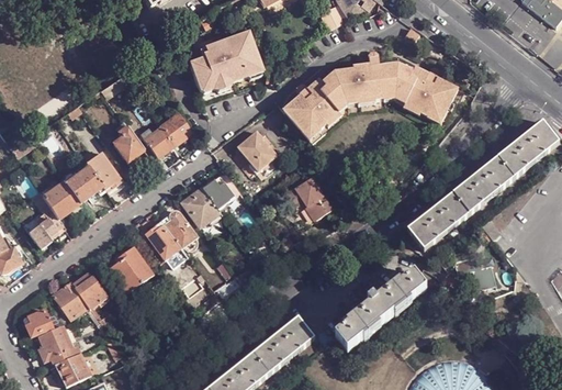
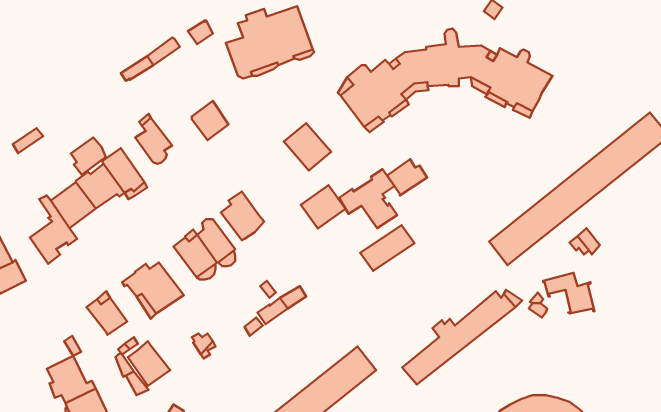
building: [140,126,173,159] -> none
building: none -> [71,138,106,175]
building: none -> [387,159,427,196]
building: [202,170,239,207] -> [301,185,346,229]
building: none -> [360,225,415,271]
building: [54,280,89,317] -> [128,341,170,386]
building: [24,308,53,335] -> none

